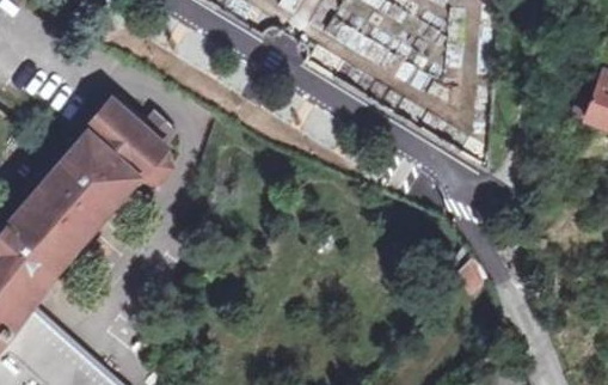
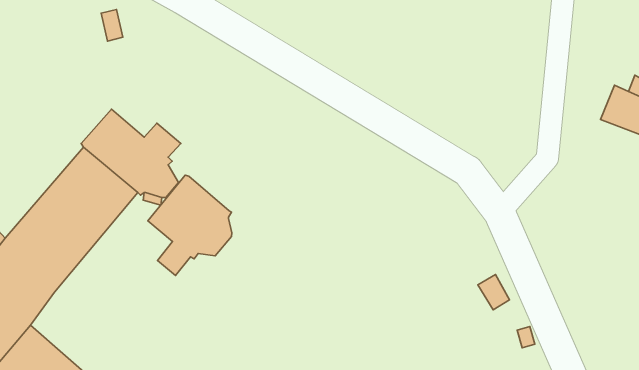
building: none -> [148,175,232,276]

